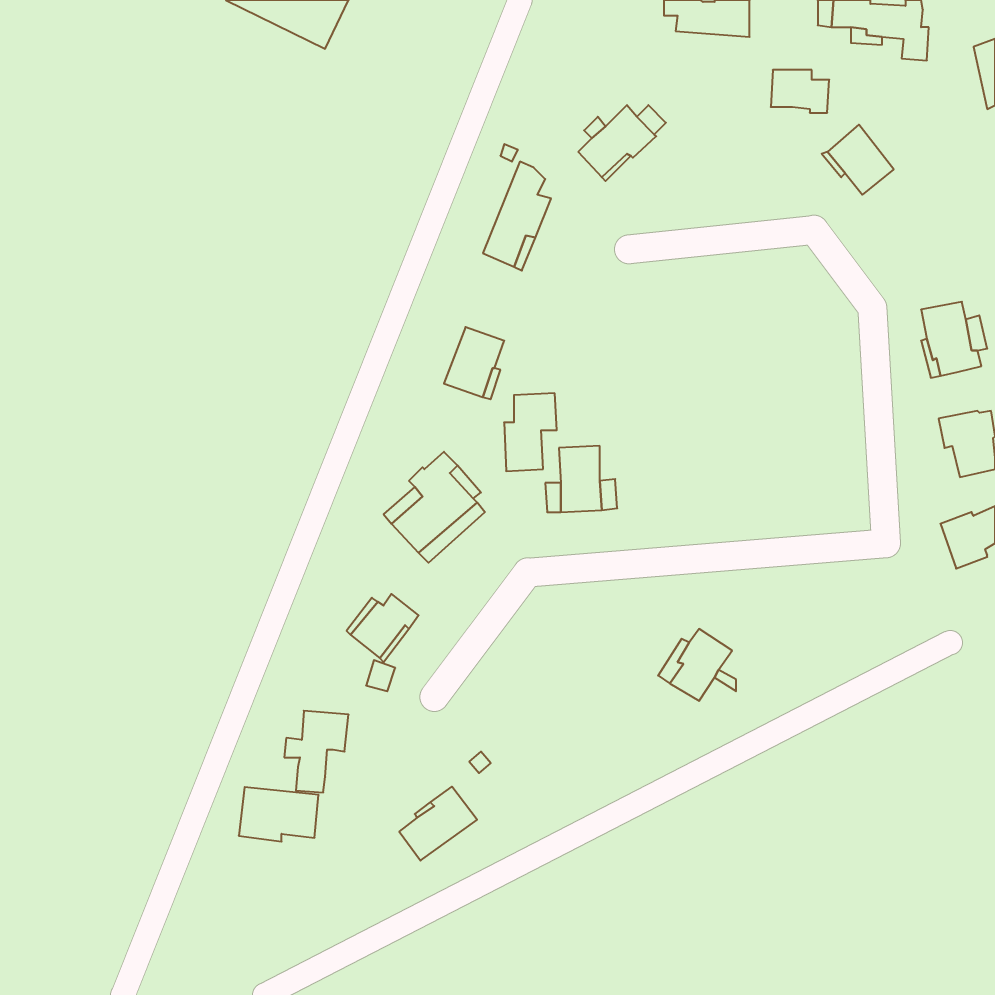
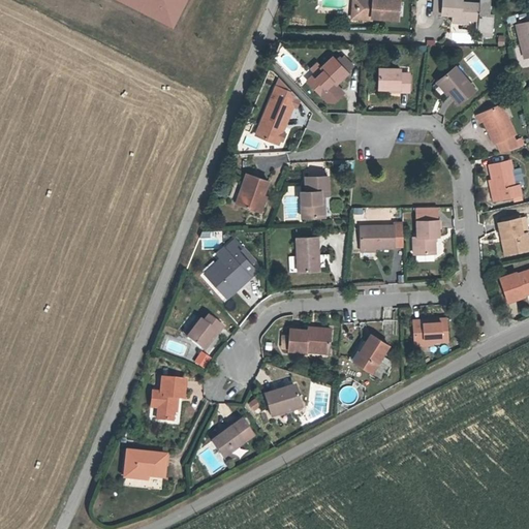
building: [771,70,829,113] -> [378,68,409,91]
building: none -> [476,103,518,152]
building: none -> [413,207,439,254]
building: [504,393,557,471] -> [301,176,329,217]
building: none -> [360,222,403,248]
building: none -> [412,318,448,343]
building: none -> [288,328,331,351]
building: none -> [264,385,301,416]
building: [239,787,319,842] -> [123,450,165,479]

